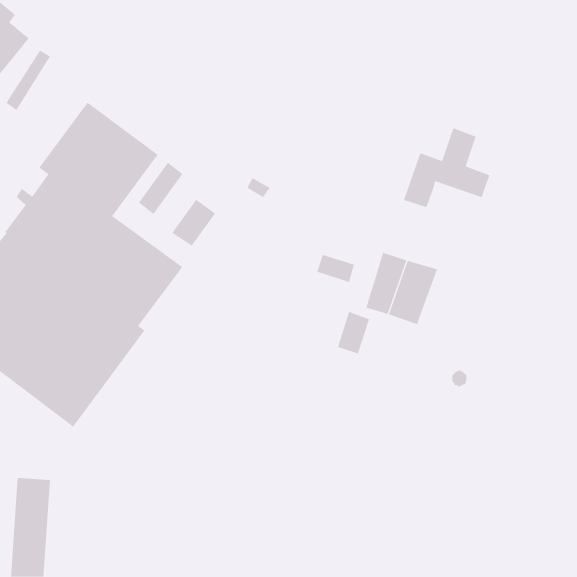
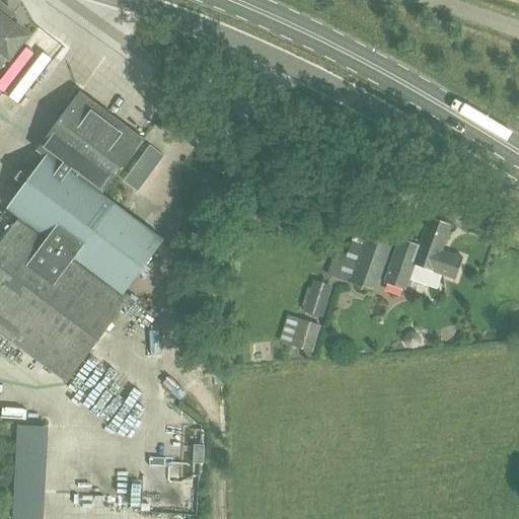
building: [403,128,490,208] -> [383,216,461,288]
building: [171,199,216,247] -> none
building: [317,254,355,283] -> none
building: none -> [290,319,319,351]

